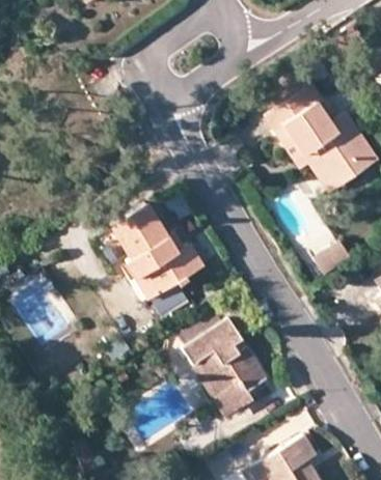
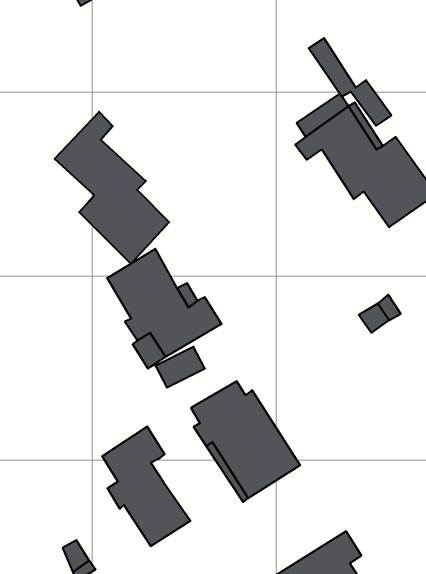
building: none -> [55,112,169,264]
building: [274,122,342,194] -> [309,38,391,126]
building: none -> [102,426,190,546]

